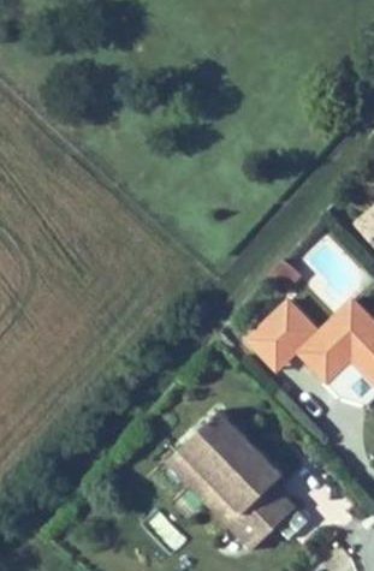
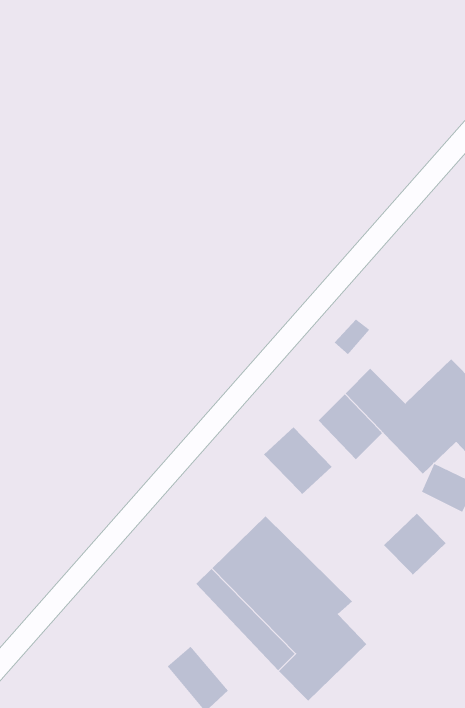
building: none -> [263,426,332,495]
building: none -> [383,513,447,575]

